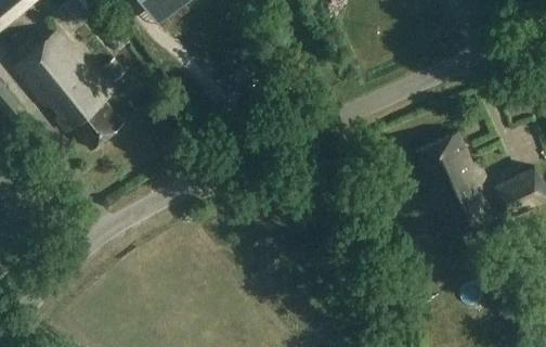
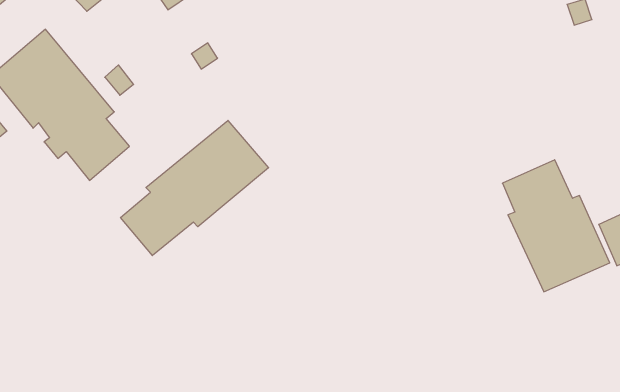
building: none -> [121,120,269,256]

